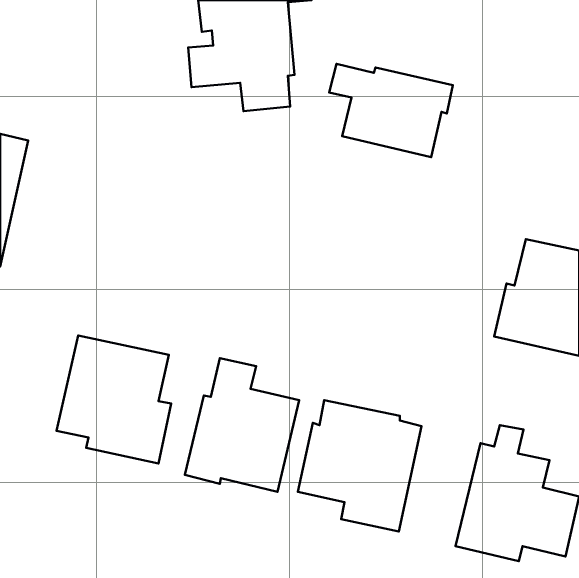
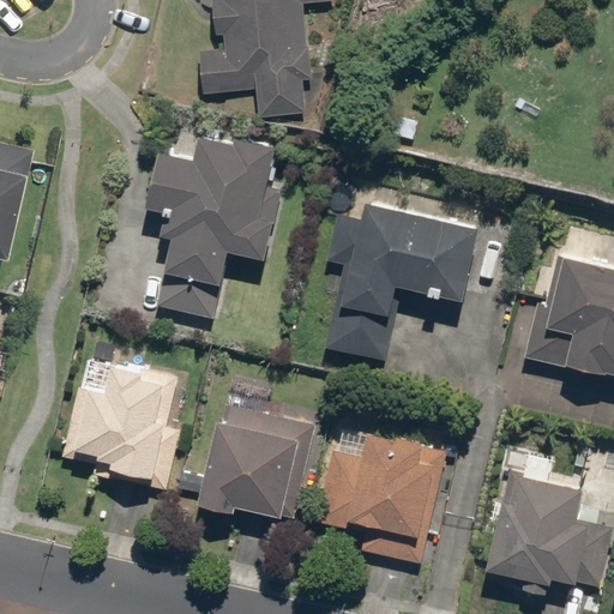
building: [329,64,453,157] -> none
building: none -> [144,134,275,320]
building: none -> [324,200,478,361]

